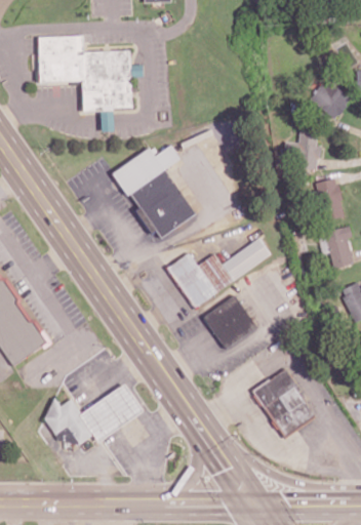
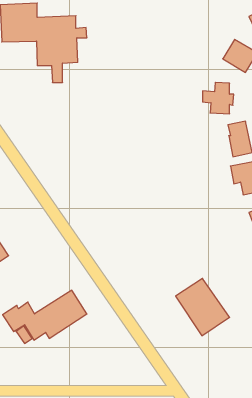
building: [112,145,195,237] -> none
building: [166,238,271,307] -> none
building: [201,294,256,350] -> none

